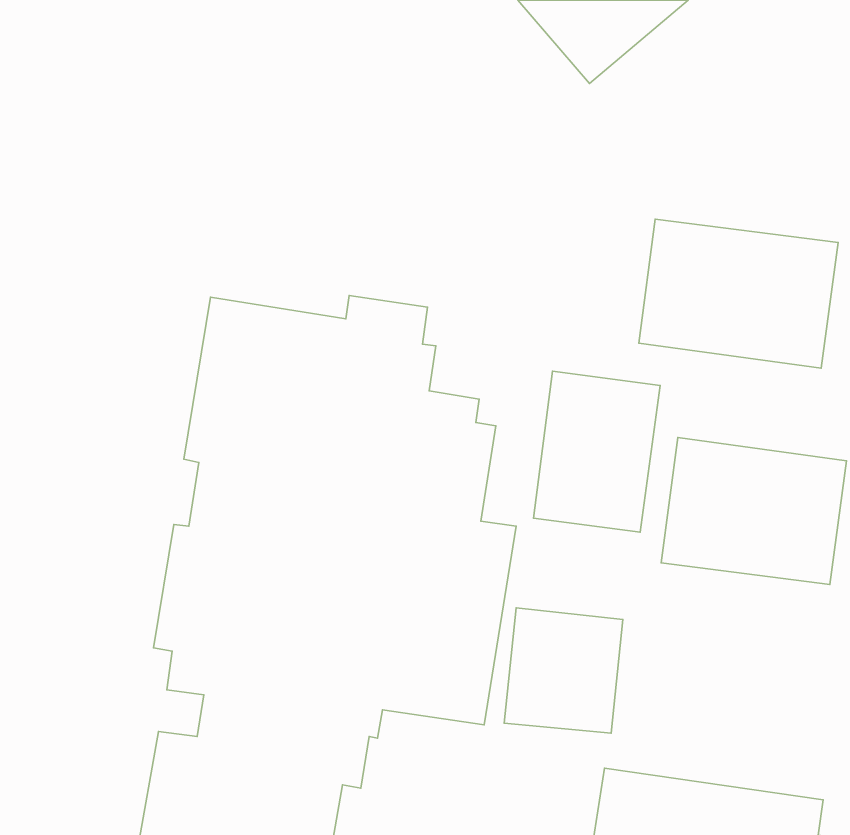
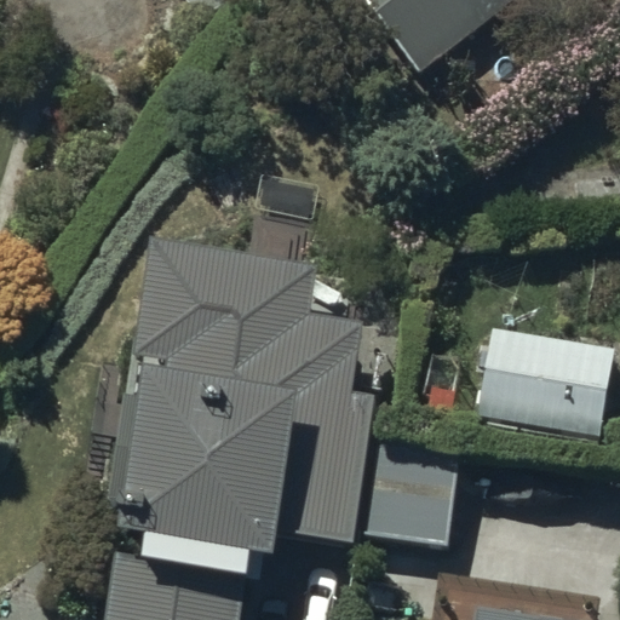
building: [639,219,838,368] -> none
building: [534,371,660,532] -> none

